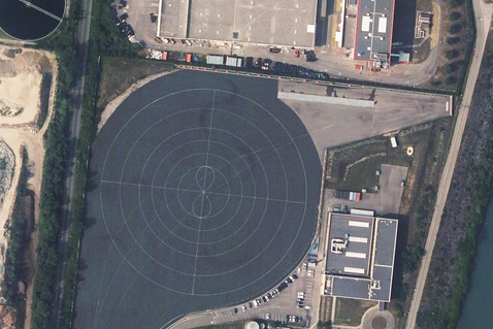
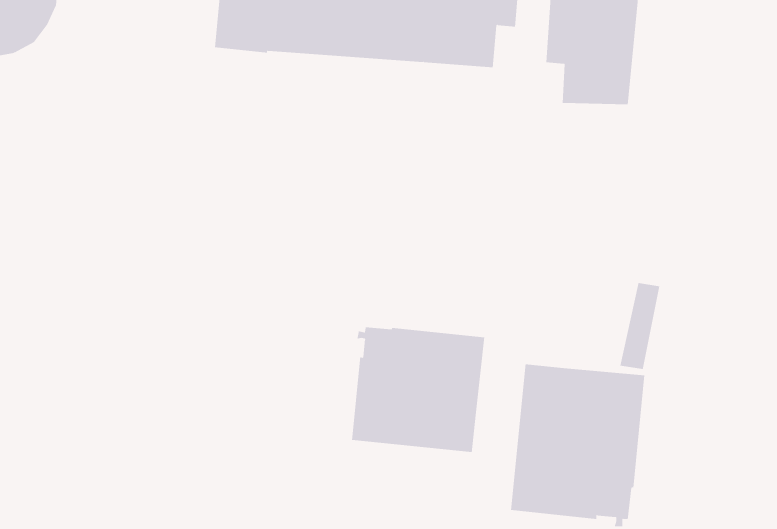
building: none -> [352,327,485,453]

